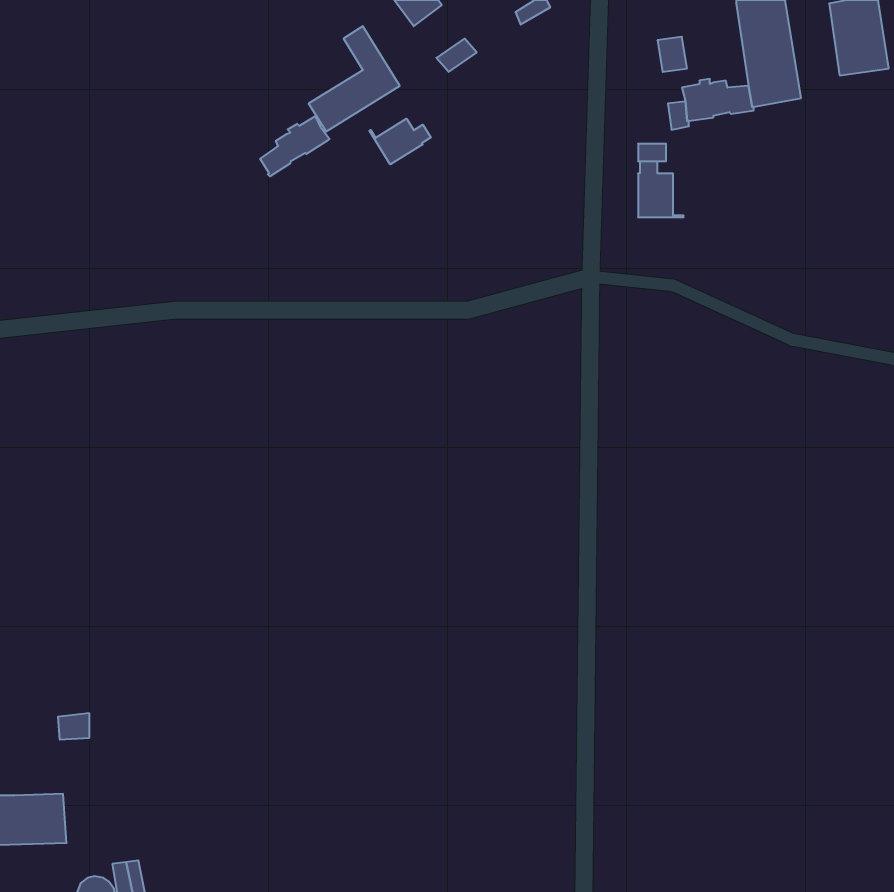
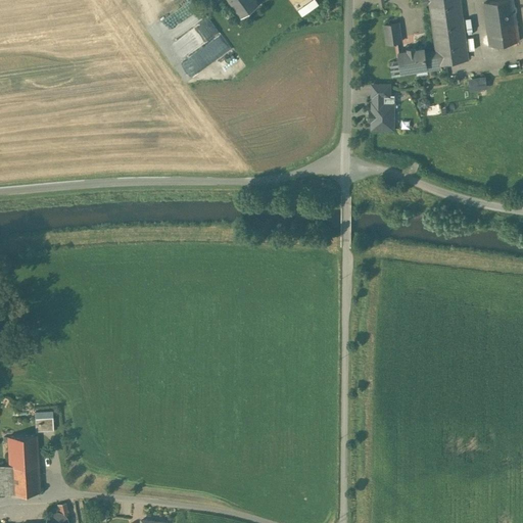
building: [260,116,330,176] -> none
building: [369,119,431,164] -> none
building: none -> [7,437,37,466]

